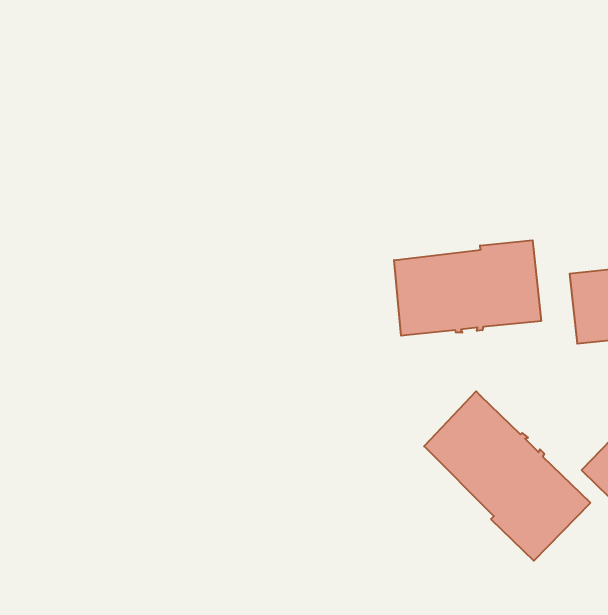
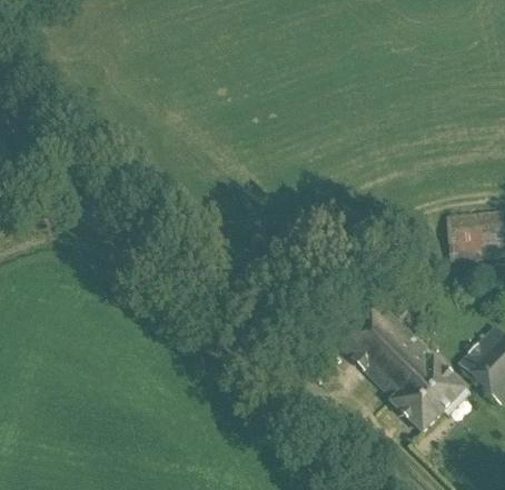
building: [394,240,541,336] -> none

